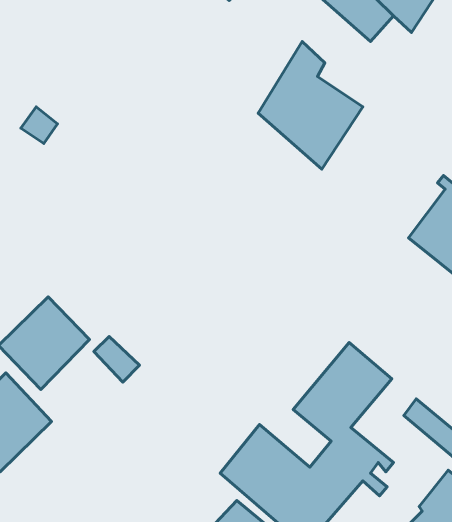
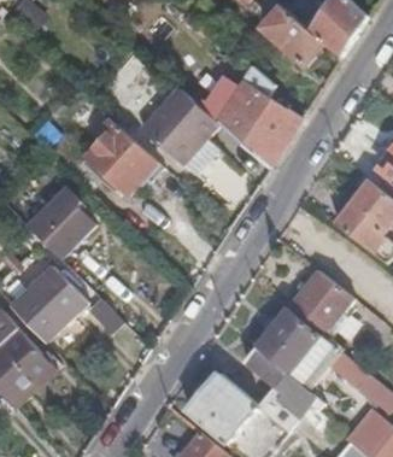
building: none -> [140,88,217,168]
building: none -> [82,119,157,203]
building: none -> [27,187,94,260]
building: none -> [289,269,353,334]

